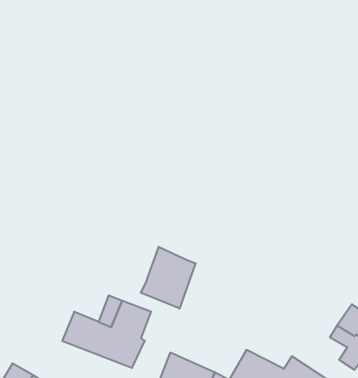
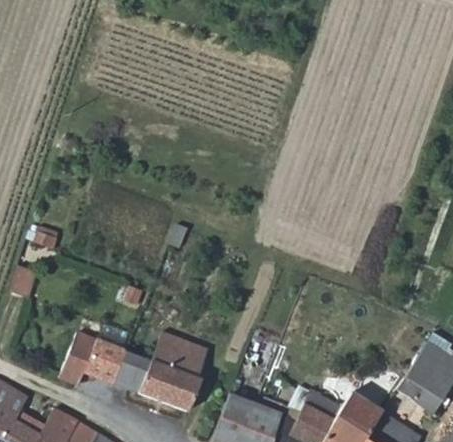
building: [141,247,196,309] -> none
building: none -> [60,331,123,383]

